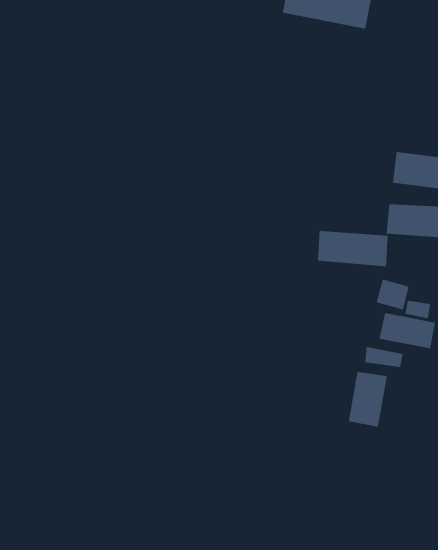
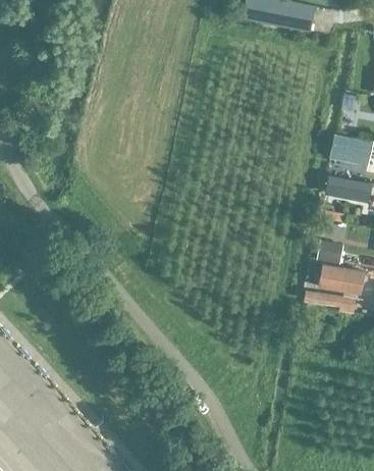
building: [318,230,388,267] -> none
building: [348,371,388,427] -> none

